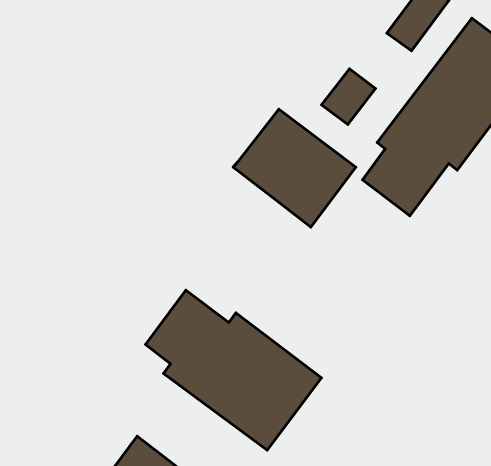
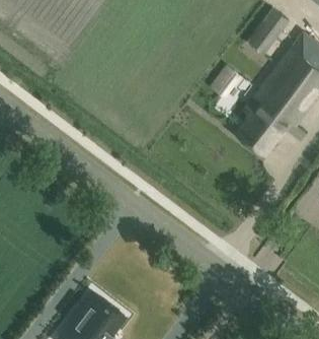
building: [233,109,356,227] -> none
building: [145,290,322,450] -> none

